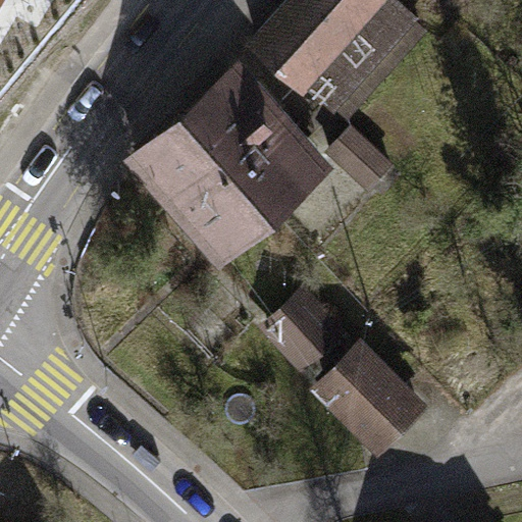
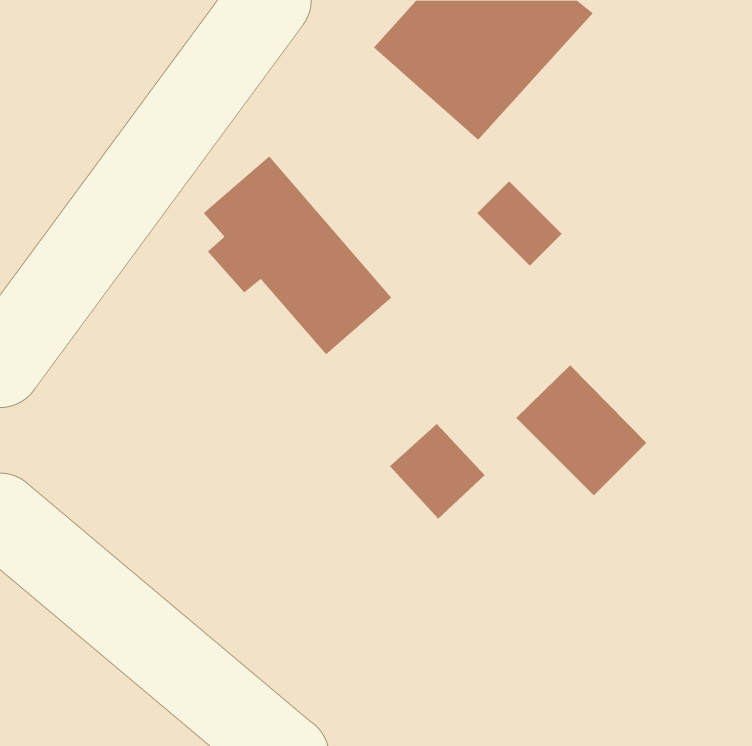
building: [189,75,318,212] -> none
building: [330,356,421,447] -> [515,365,647,496]

